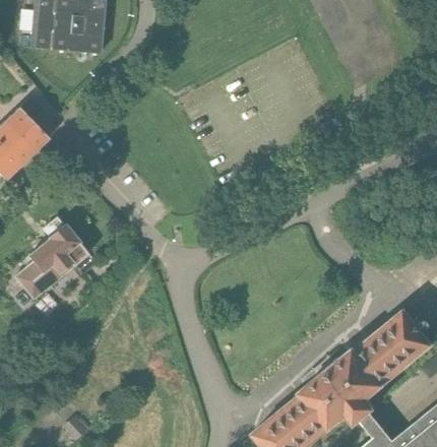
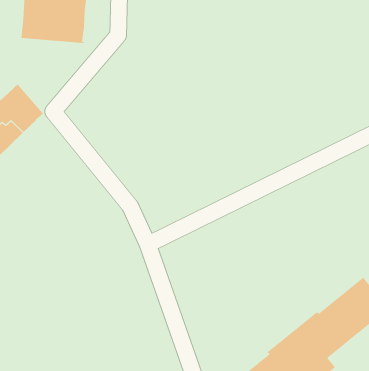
building: [14,218,96,302] -> none

